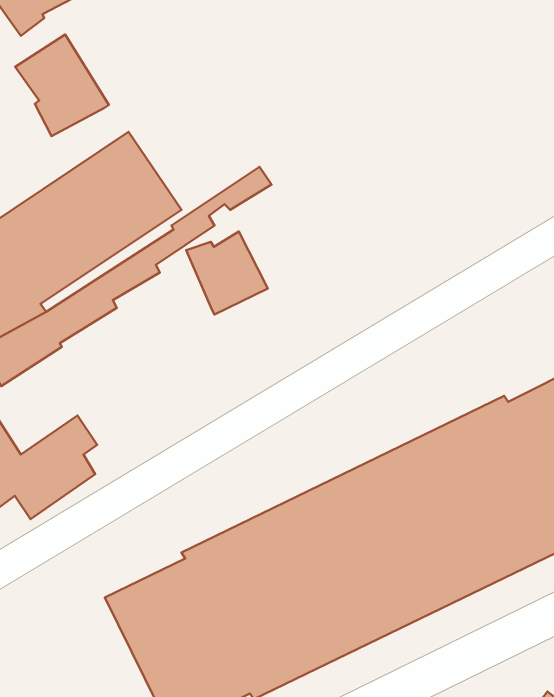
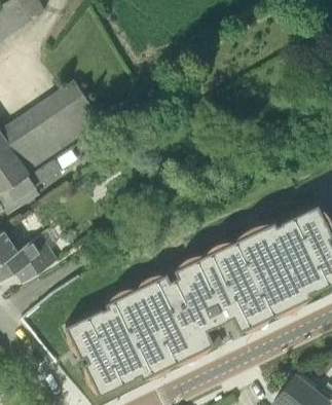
building: [15,34,109,136] -> none
building: [186,231,268,314] -> none

